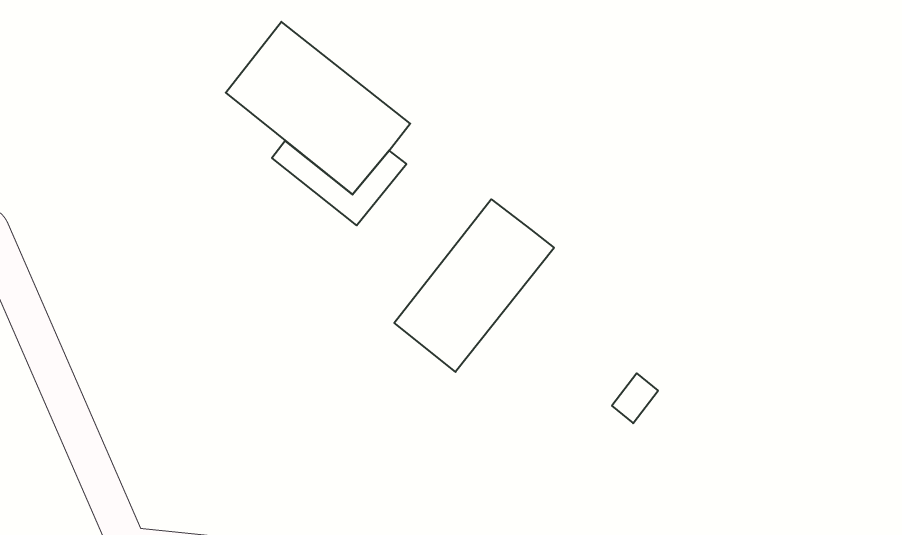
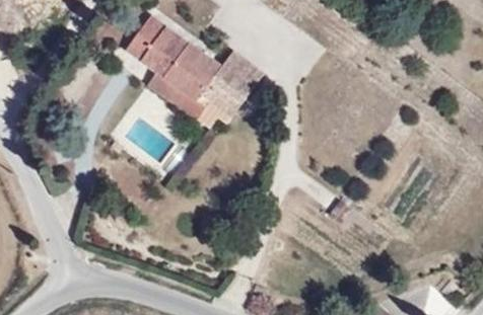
building: [394,199,554,372] -> none

